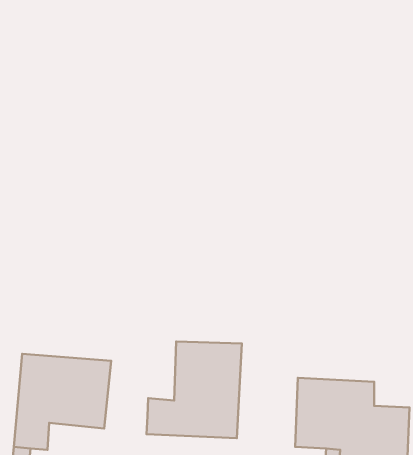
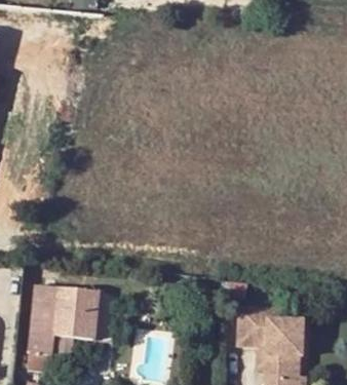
building: [146,342,242,438] -> none

